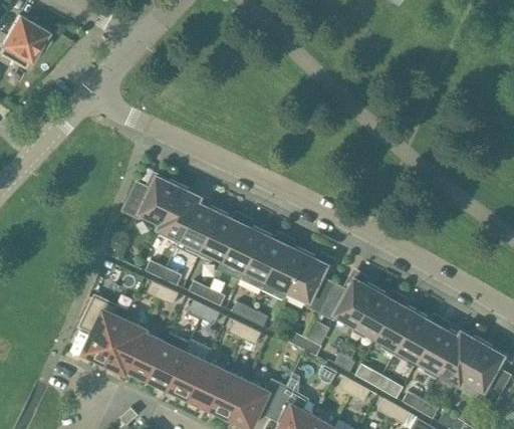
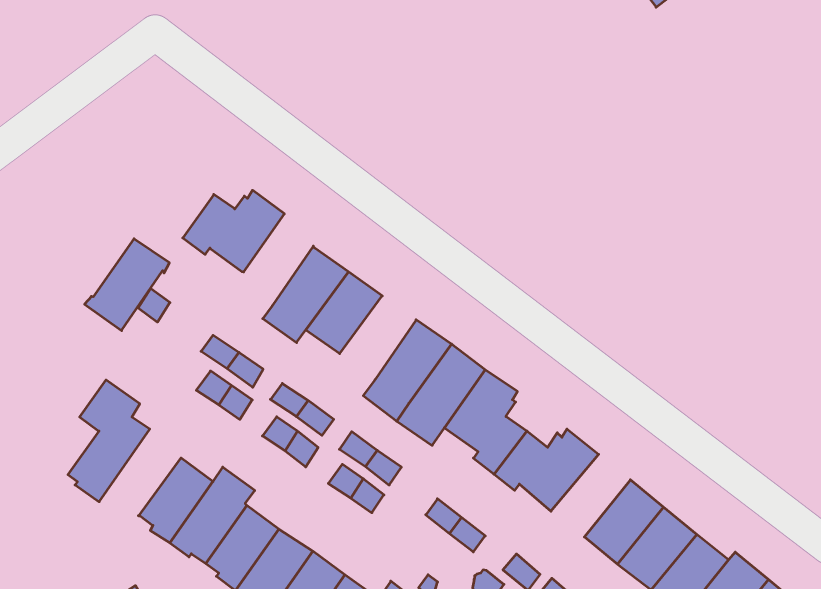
building: [158,187,201,239] -> [85,239,169,331]
building: [223,223,262,270] -> none
building: [355,290,397,338] -> none
building: [103,319,147,373] -> none

